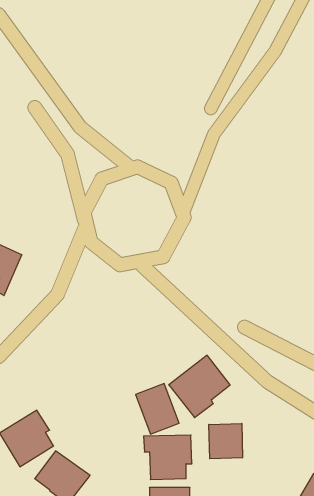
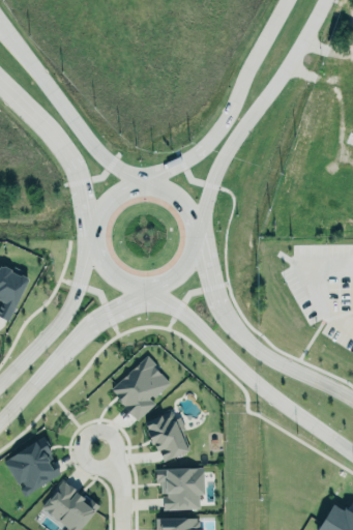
building: [169,355,230,418] -> [110,352,174,417]
building: [209,423,243,459] -> none

